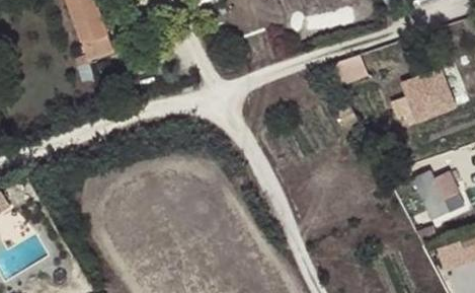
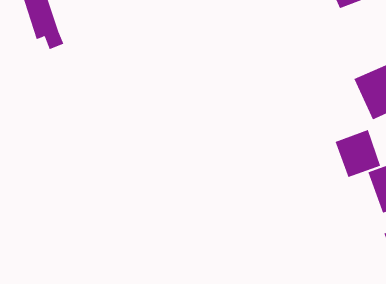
building: none -> [335,129,381,178]

